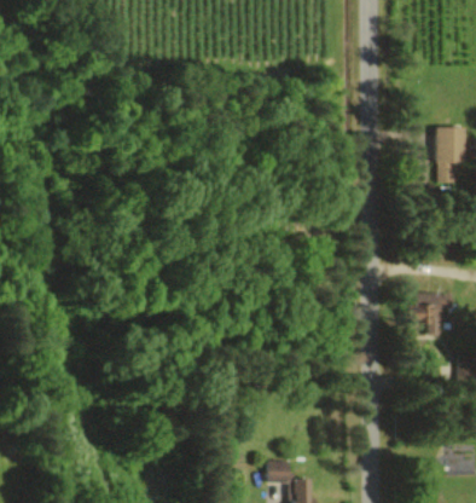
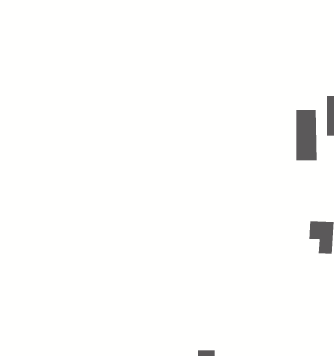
building: none -> [296,109,317,161]

